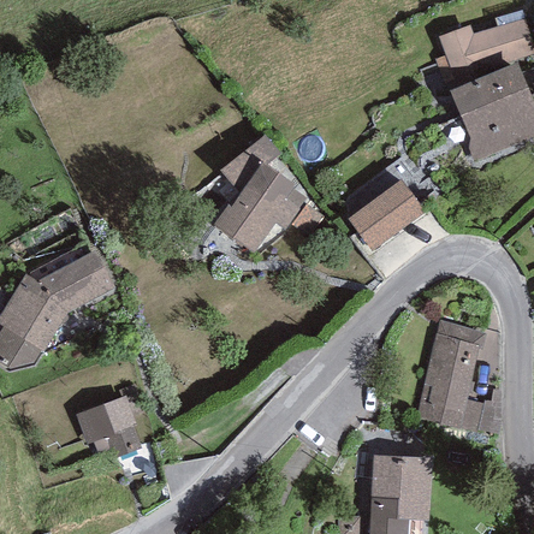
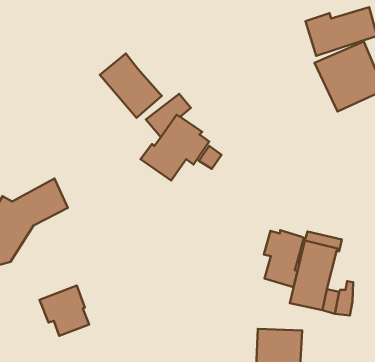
building: none -> [100,54,162,118]
building: [349,180,425,250] -> none
building: none -> [264,230,304,287]

